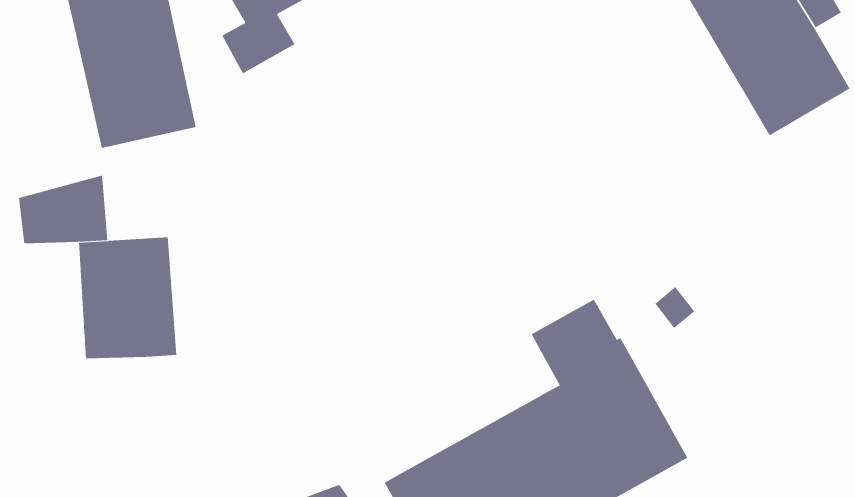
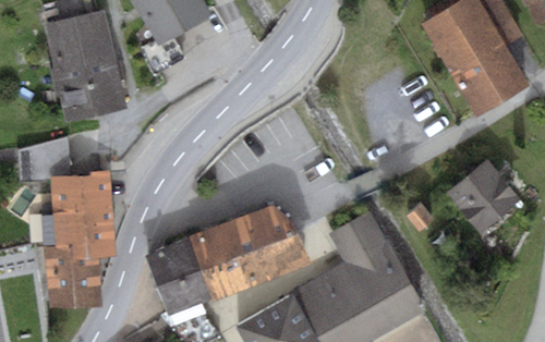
building: none -> [445,159,519,232]
building: none -> [145,206,308,314]
building: none -> [46,248,96,302]

